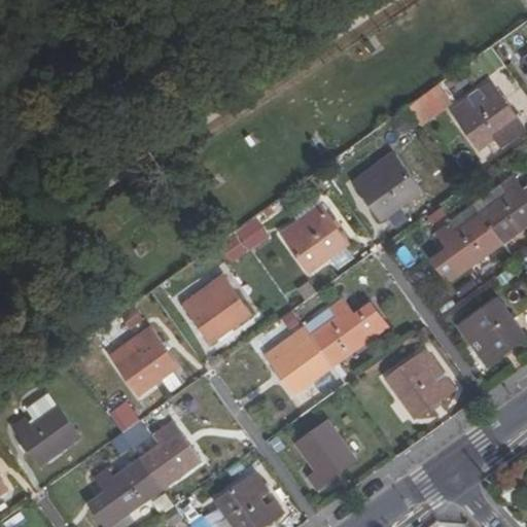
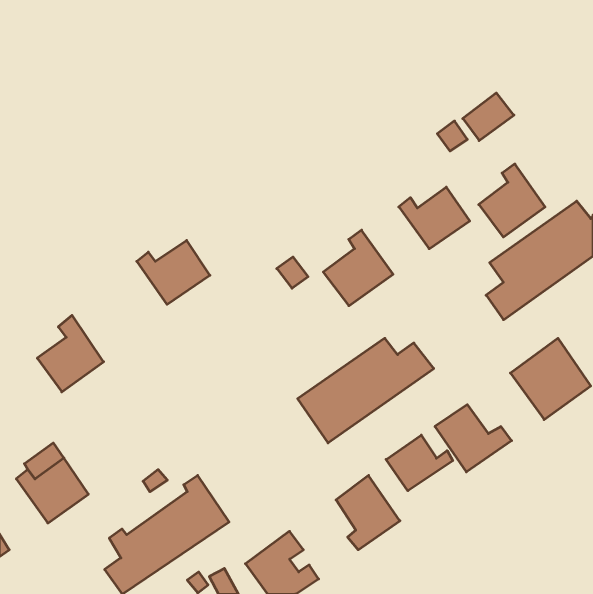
building: [457,84,516,149] -> [479,164,545,237]
building: [183,284,248,341] -> [137,240,210,304]
building: [118,324,177,392] -> [37,315,104,392]
building: none -> [386,435,453,491]

